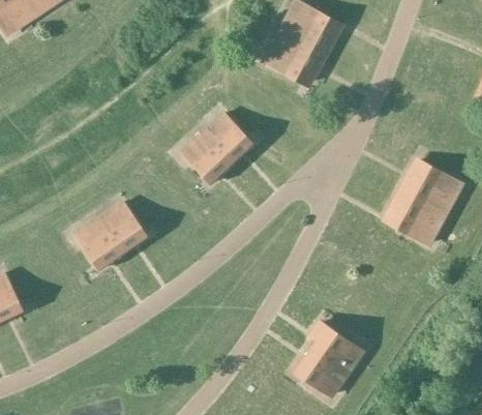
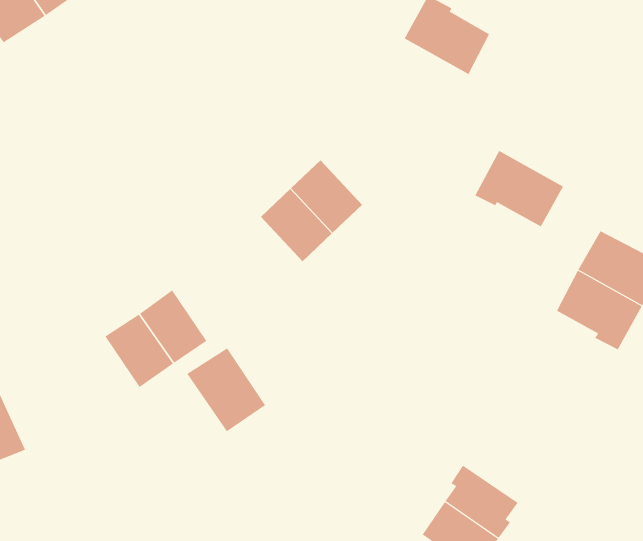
building: [264,30,325,83] -> [475,150,564,227]
building: none -> [187,348,266,432]

